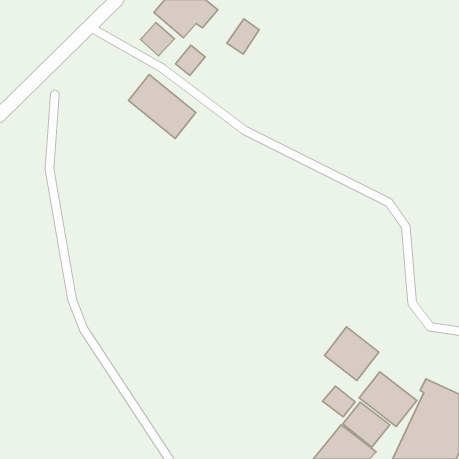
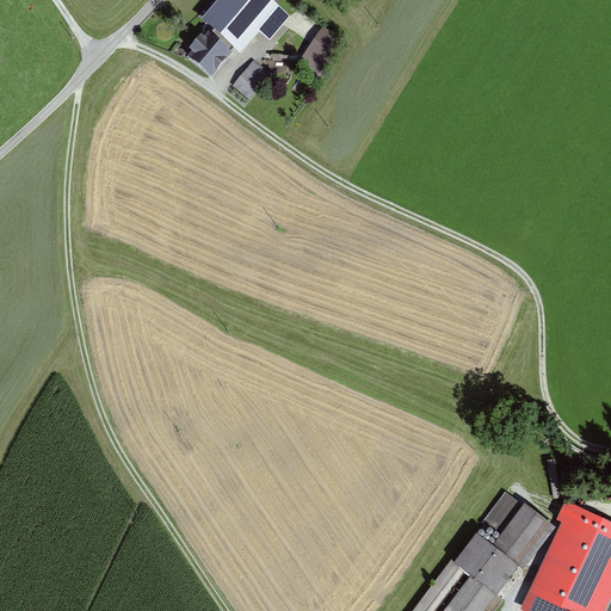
building: [129,75,196,138] -> none
building: [325,327,379,381] -> none
building: [323,386,355,417] -> none

